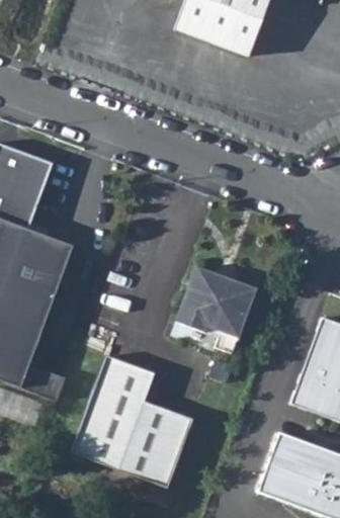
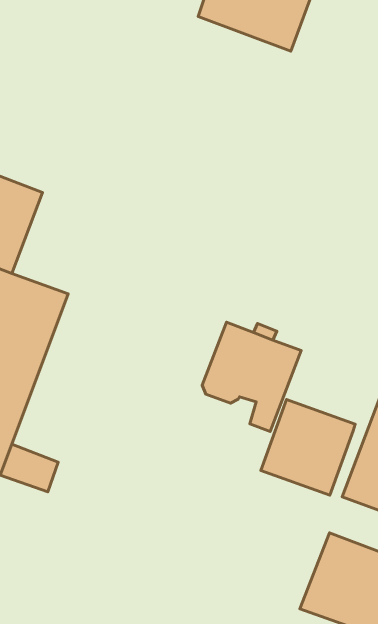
building: none -> [261,400,355,495]
building: [72,354,194,487] -> none

